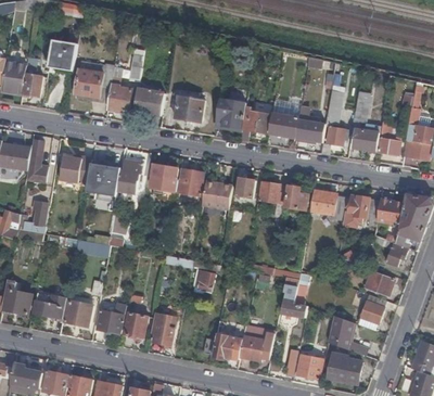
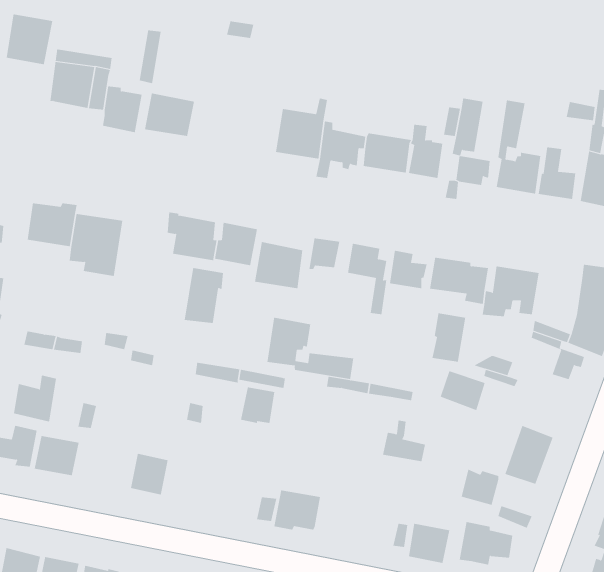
building: [173,95,203,122] -> none
building: [117,159,142,194] -> [184,268,224,324]
building: [375,199,404,226] -> none
building: none -> [432,313,466,363]
building: none -> [267,317,354,380]
building: [365,271,393,296] -> [440,371,485,411]
building: [97,304,124,333] -> [13,375,57,422]
building: [150,314,174,347] -> none
building: [239,324,275,360] -> none

